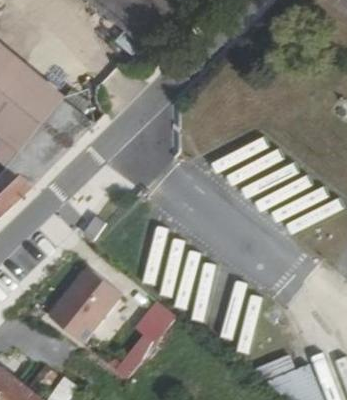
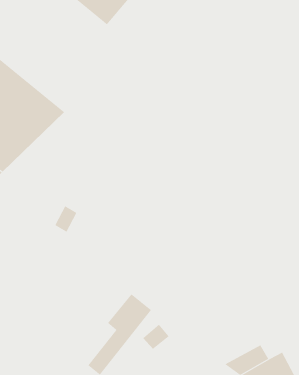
building: [50,256,126,336] -> none

